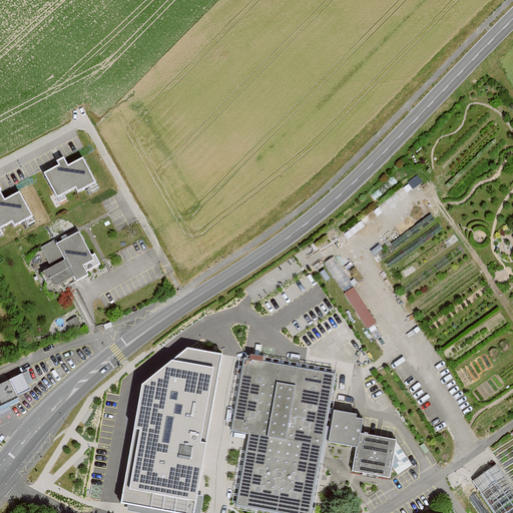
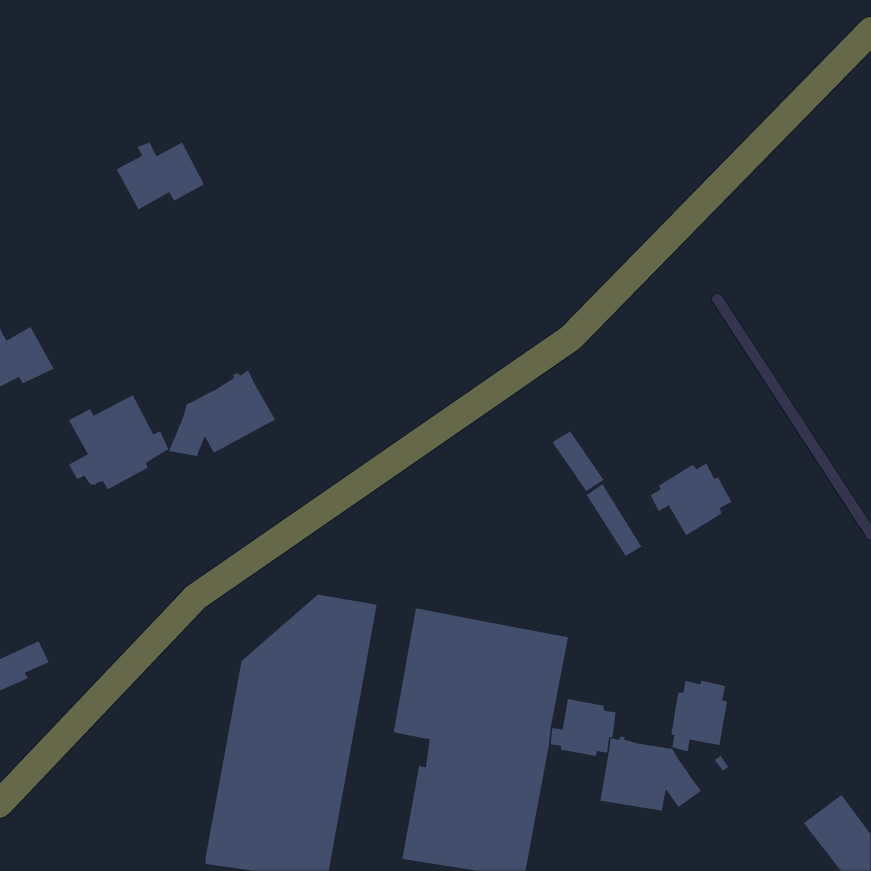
building: [43,157,95,197] -> [116,142,205,210]
building: none -> [168,370,276,457]
building: none -> [650,463,732,536]
building: none -> [671,680,727,752]

